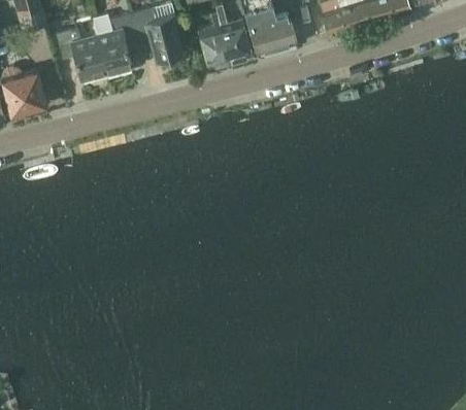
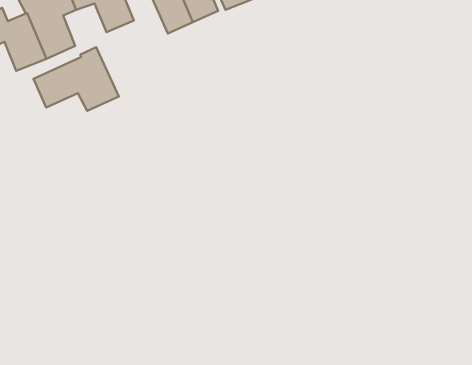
building: none -> [33,47,119,111]

